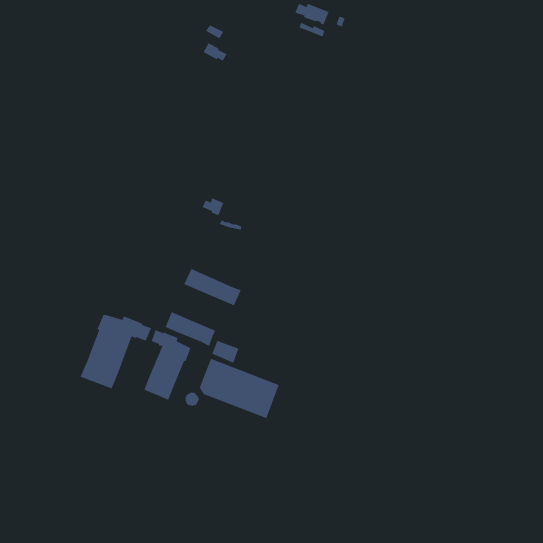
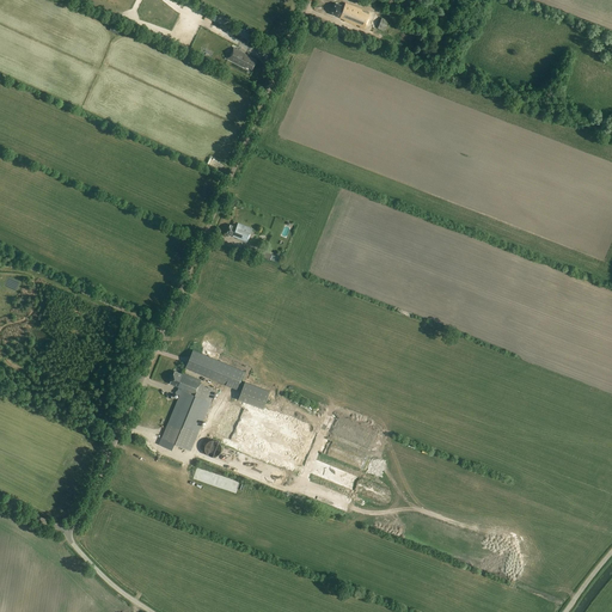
building: [184,268,242,306] -> none
building: [80,314,152,389] -> none

